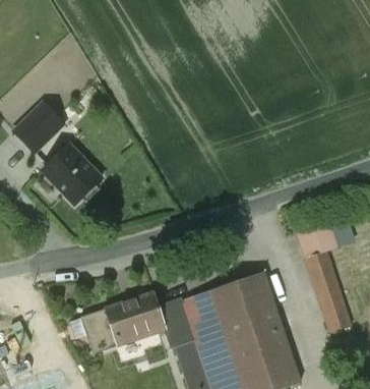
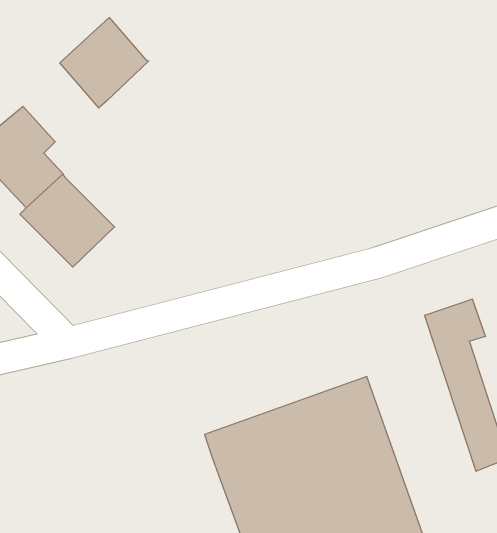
building: none -> [60,18,149,108]
building: [80,292,165,353] -> none

